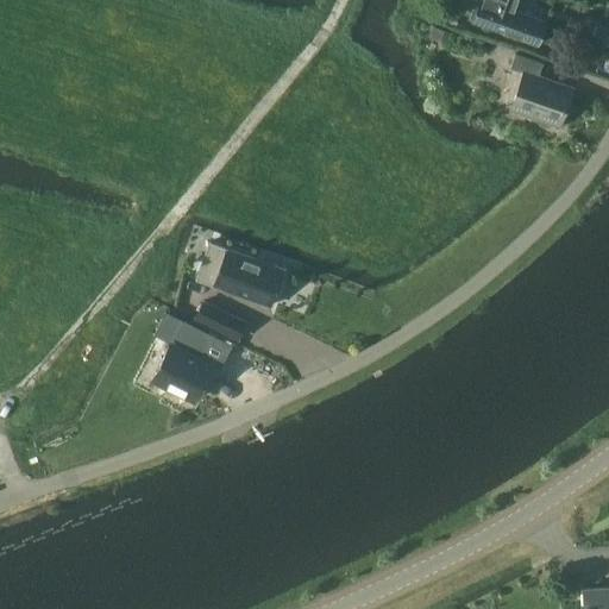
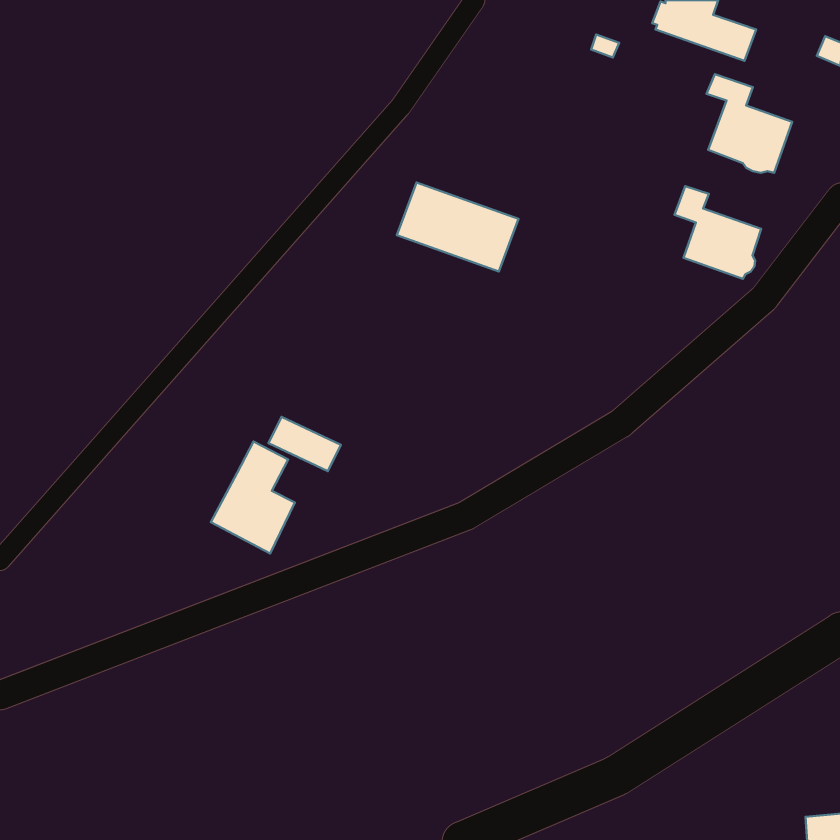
building: none -> [675,186,761,279]
building: [196,243,284,307] -> [397,183,519,272]

